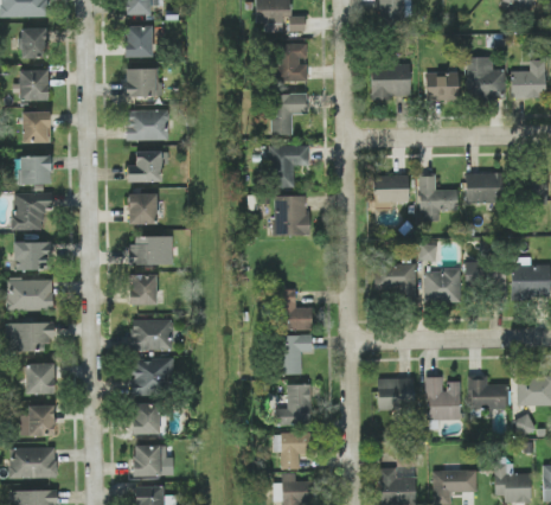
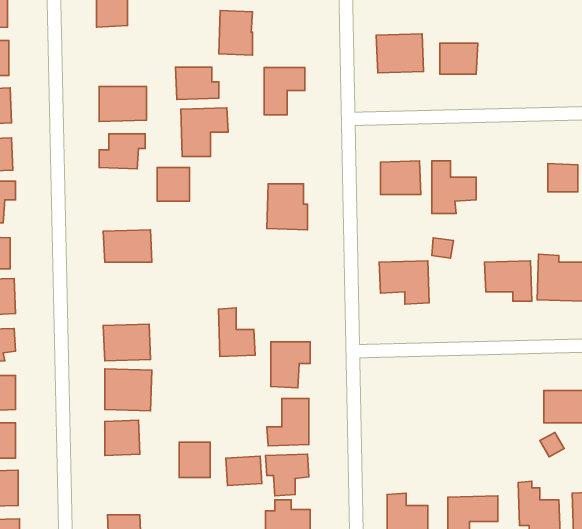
building: [277,43,307,82] -> [219,11,253,55]
building: [466,57,505,100] -> none
building: [511,60,545,98] -> none
building: [123,69,161,97] -> [175,67,219,99]
building: [268,145,309,187] -> [181,108,228,156]
building: [464,173,501,203] -> none
building: [128,194,156,224] -> [157,168,190,201]
building: [423,269,461,305] -> none
building: [129,275,156,305] -> none
building: [280,288,312,331] -> [219,308,255,356]
building: [468,376,506,410] -> none
building: [423,377,460,421] -> none
building: [377,378,414,410] -> none
building: none -> [226,456,262,486]
building: [133,446,160,477] -> [179,442,210,477]

